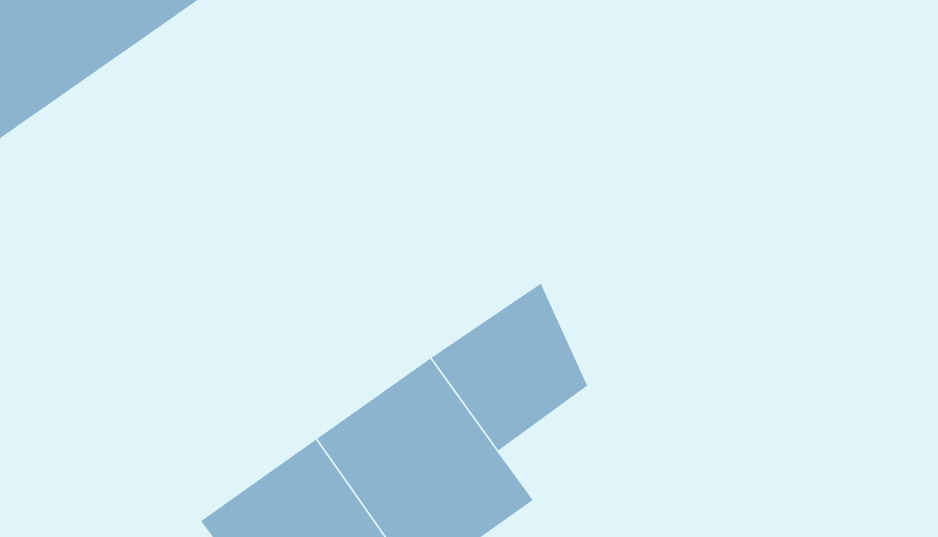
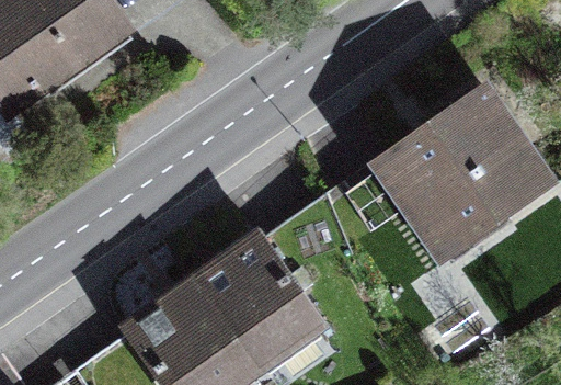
building: none -> [371,98,543,253]

